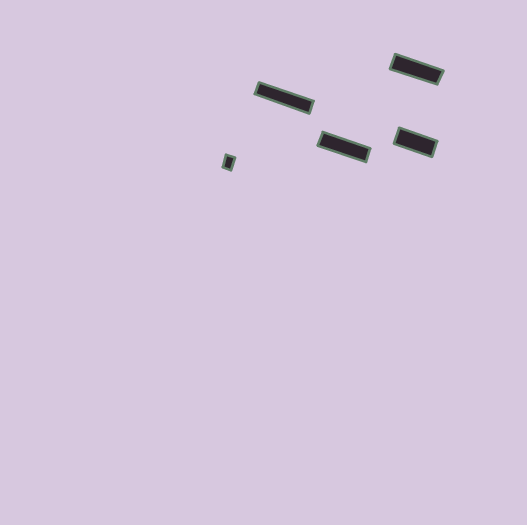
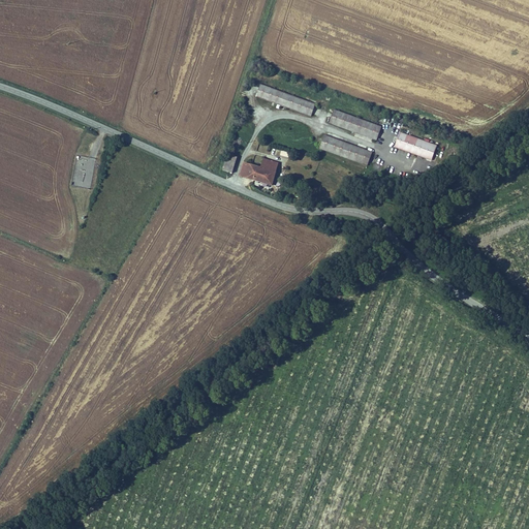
building: [390,54,443,84] -> [328,108,381,138]
building: none -> [239,160,277,185]

